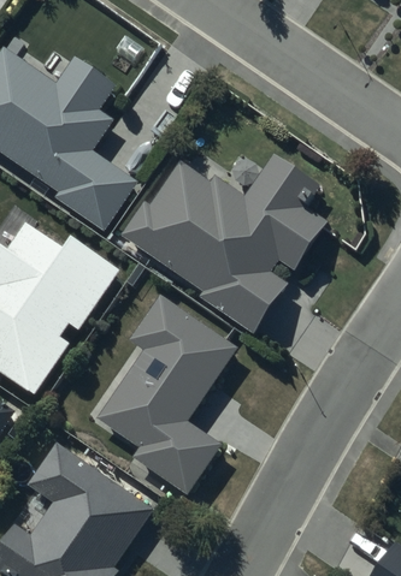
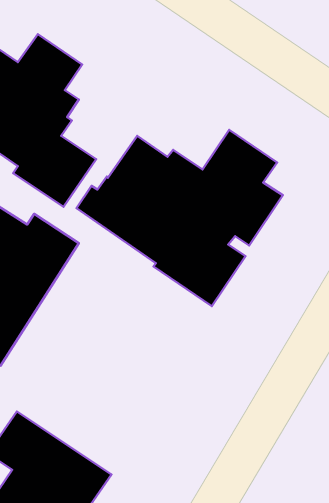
building: [98,293,236,491] -> none

